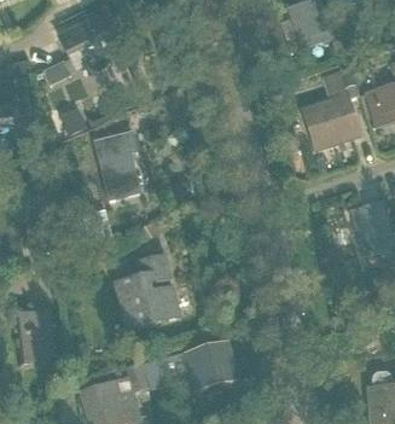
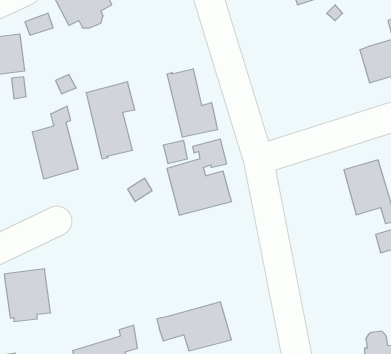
building: [303,66,359,146] -> none
building: none -> [167,69,218,137]
building: none -> [32,106,78,179]
building: [111,254,175,329] -> [167,139,232,215]

